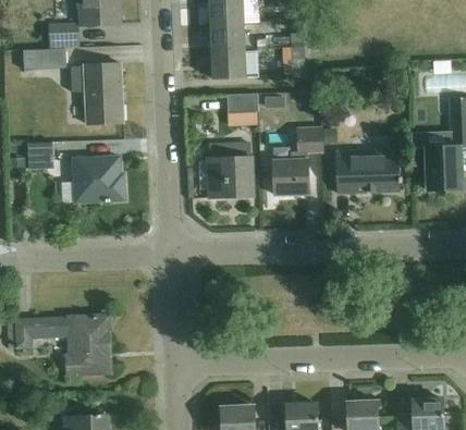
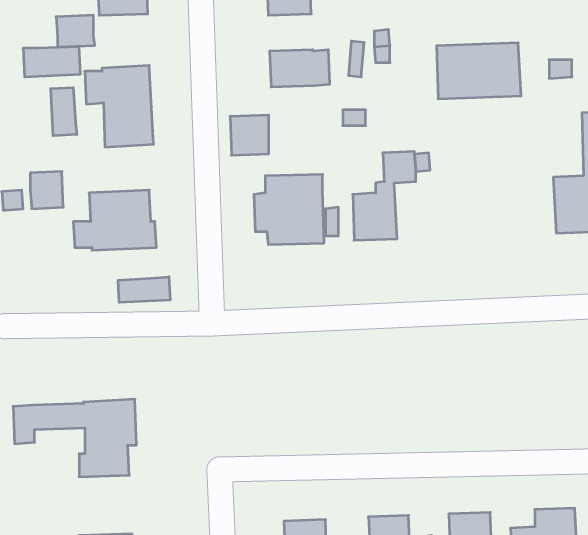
building: [210,23,244,51] -> none
building: none -> [51,88,77,136]
building: [228,94,257,124] -> [230,115,269,155]
building: [336,150,401,193] -> [437,43,521,99]
building: none -> [118,277,170,302]

